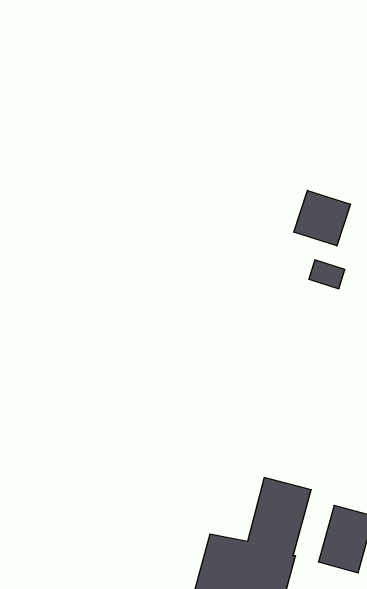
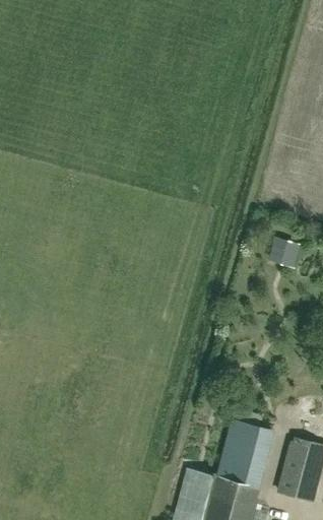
building: [294,190,350,246] -> none

